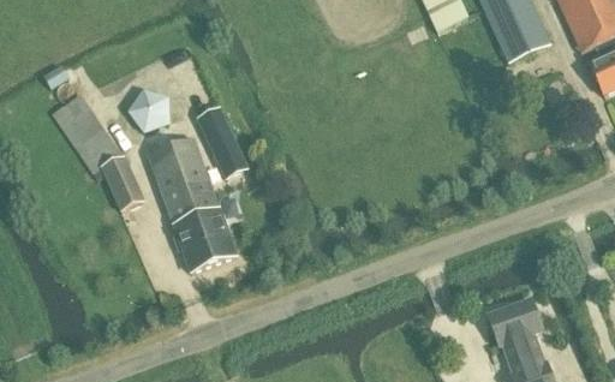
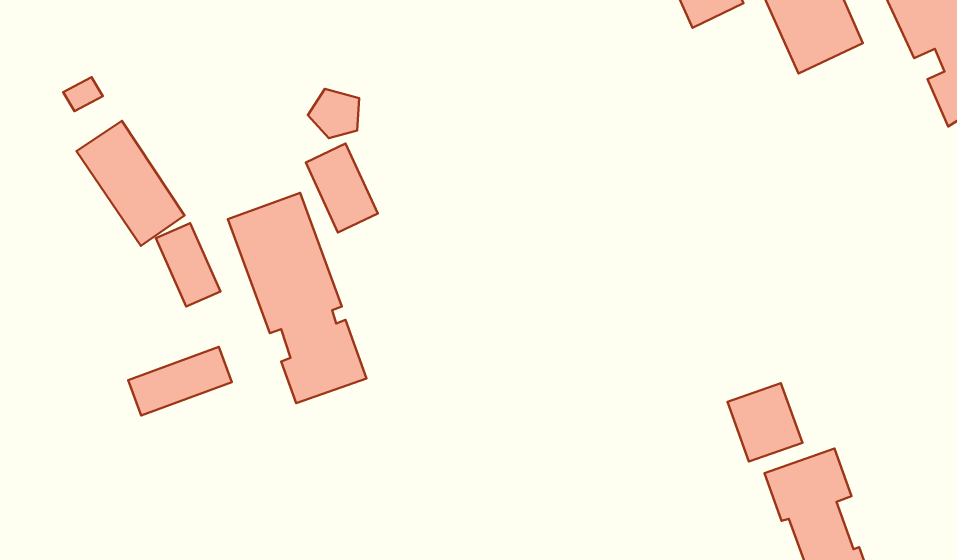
building: [137,92,169,124] -> [308,89,359,138]
building: none -> [128,347,232,415]
building: none -> [727,383,802,461]

